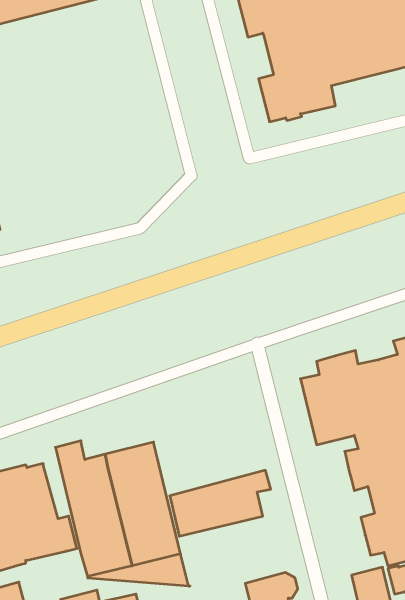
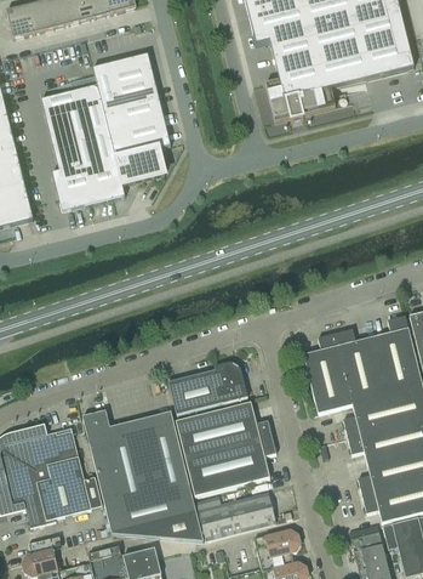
building: none -> [41,53,170,210]
building: none -> [168,359,247,413]
building: none -> [176,401,271,458]
building: none -> [195,490,276,539]

